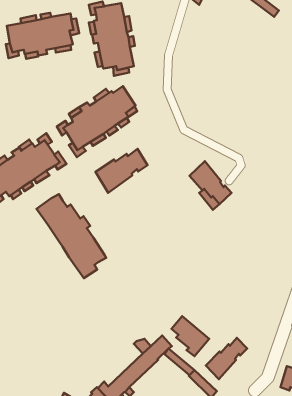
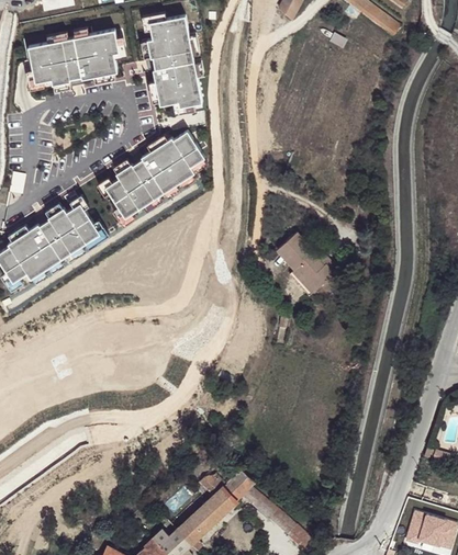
building: [95,149,148,193] -> none
building: [37,194,106,278] -> none
building: [172,316,209,356] -> none
building: [206,338,247,379] -> none

